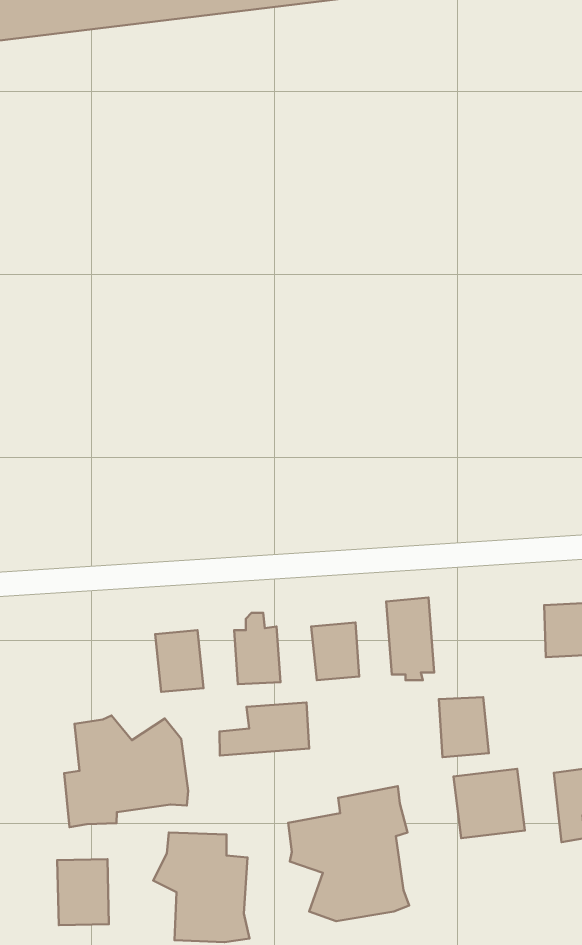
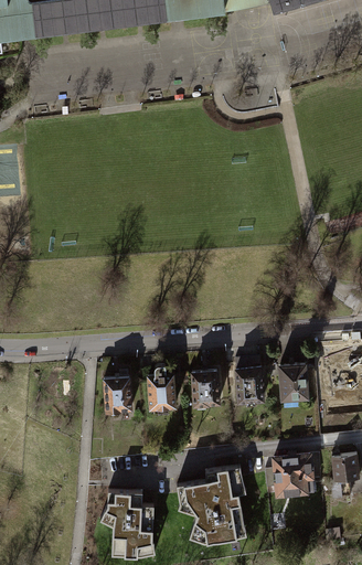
building: [439,697,489,757] -> [278,364,307,398]
building: [219,703,309,755] -> none
building: [64,715,188,827] -> none
building: [57,859,109,925] -> none

